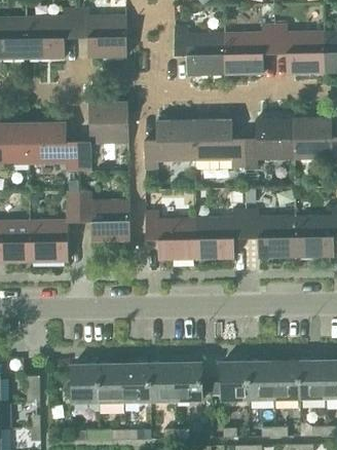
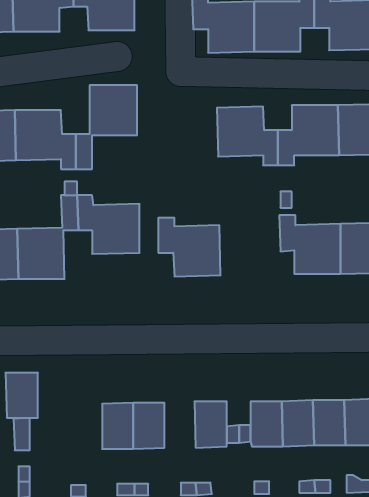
building: [144,120,195,170] -> none
building: [196,209,247,258] -> none
building: [151,362,177,400] -> none
building: [73,364,100,401] -> [5,373,38,418]

